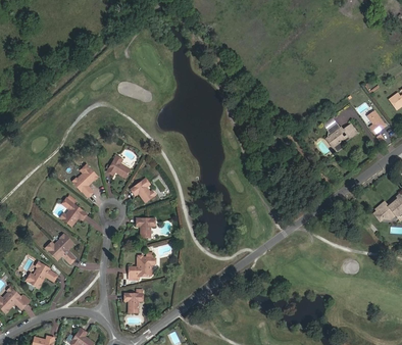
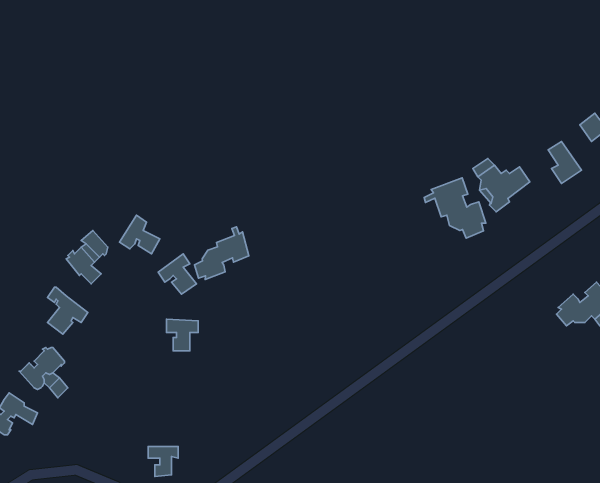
building: none -> [424,178,486,238]
building: none -> [194,227,249,279]
building: [130,253,156,280] -> none

